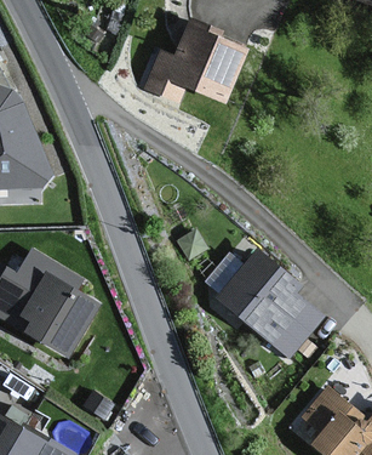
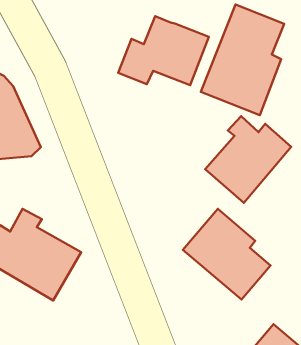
building: none -> [201,5,284,115]
building: none -> [205,116,291,203]

